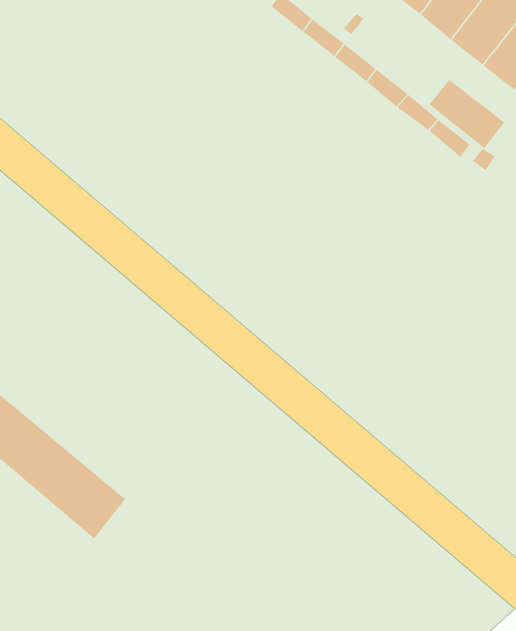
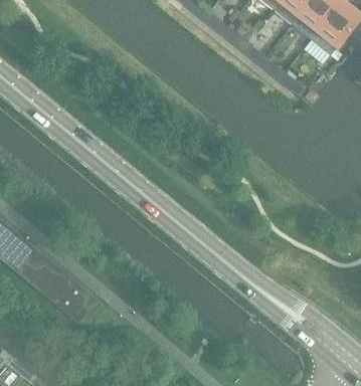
building: [429,79,505,149] -> none

